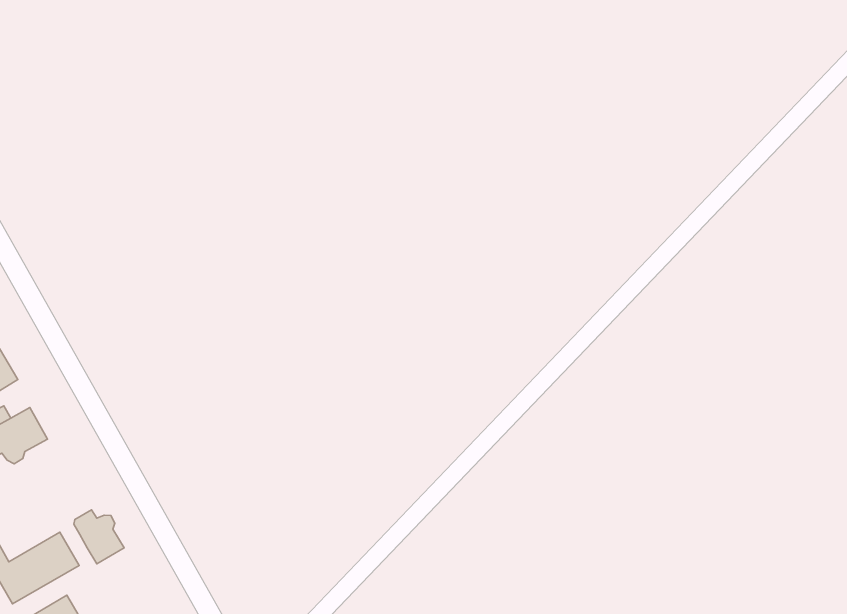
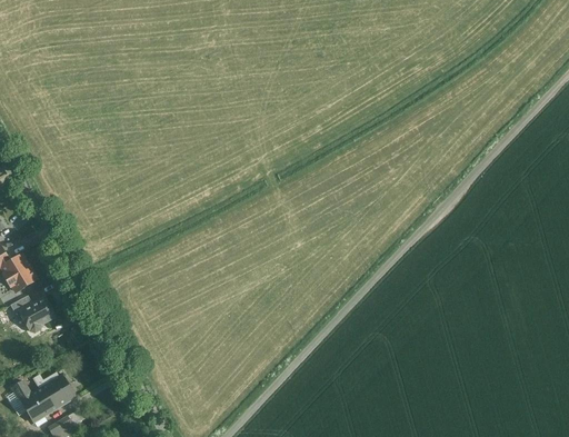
building: [74,510,124,564] -> none

